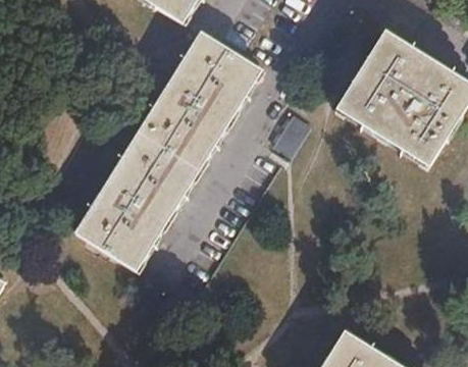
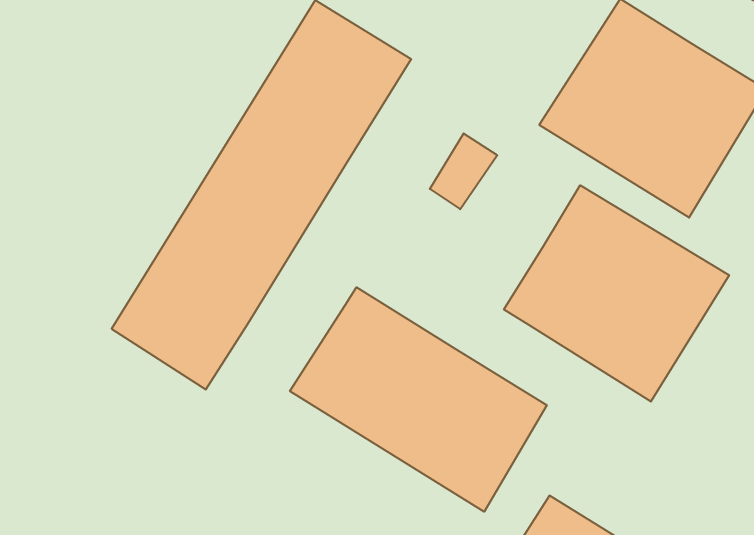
building: none -> [504,185,729,402]
building: none -> [290,287,547,512]

